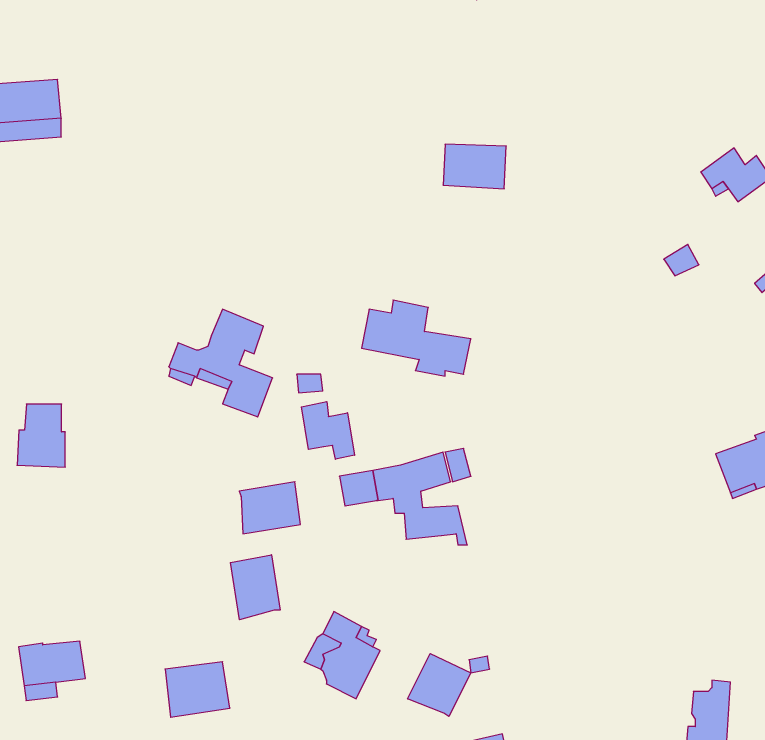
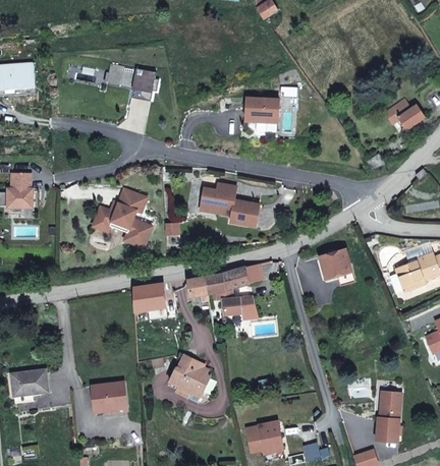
building: none -> [106,63,158,101]
building: [301,402,355,459] -> none
building: [17,404,65,467] -> [5,173,32,208]
building: none -> [316,249,354,285]
building: [230,555,280,620] -> none
building: [408,654,471,716] -> none

